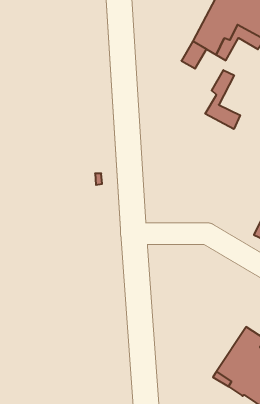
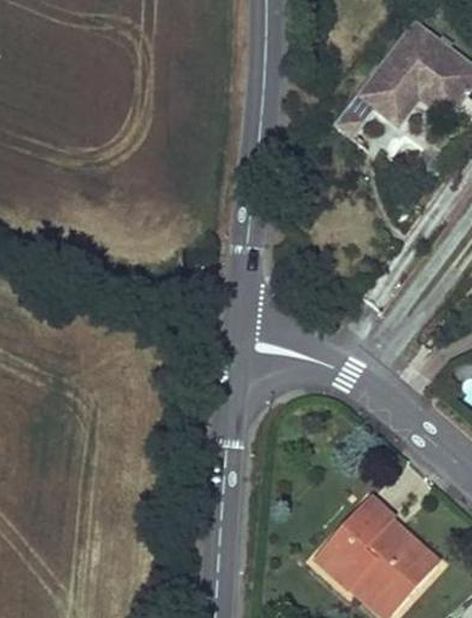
building: [205,70,240,129] -> none

